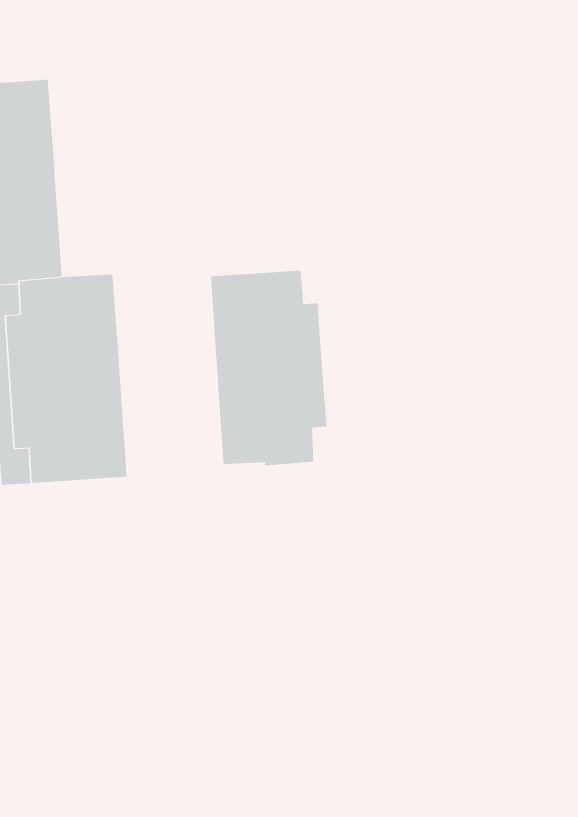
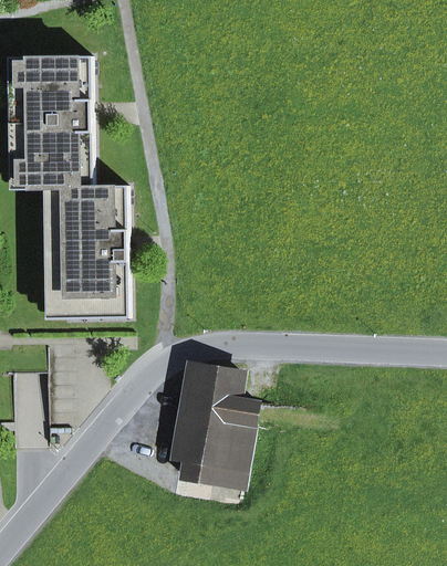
building: [211,270,327,466] -> none
building: none -> [177,365,254,484]

